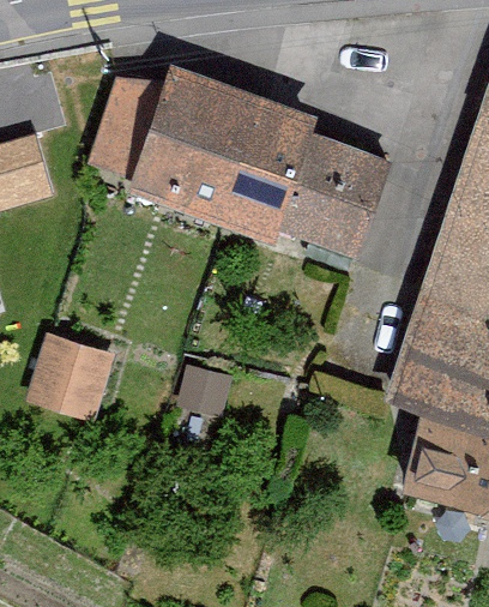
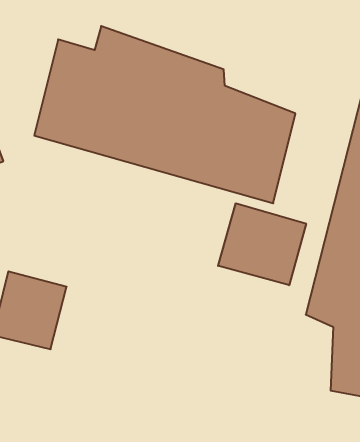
building: none -> [218,203,306,285]

